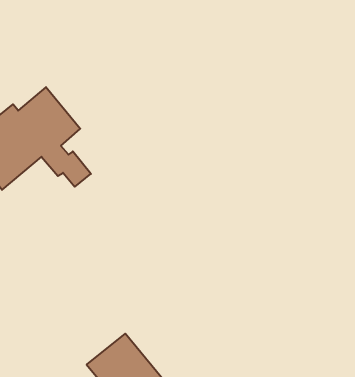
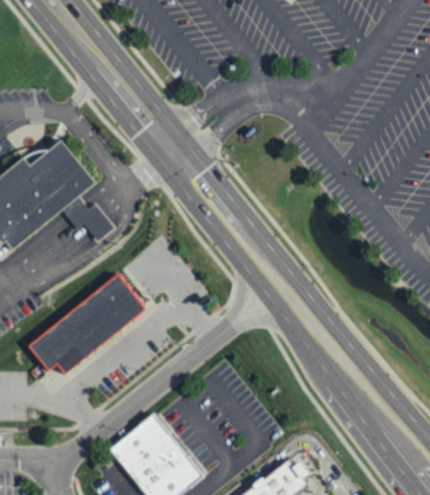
building: none -> [28,272,145,376]

